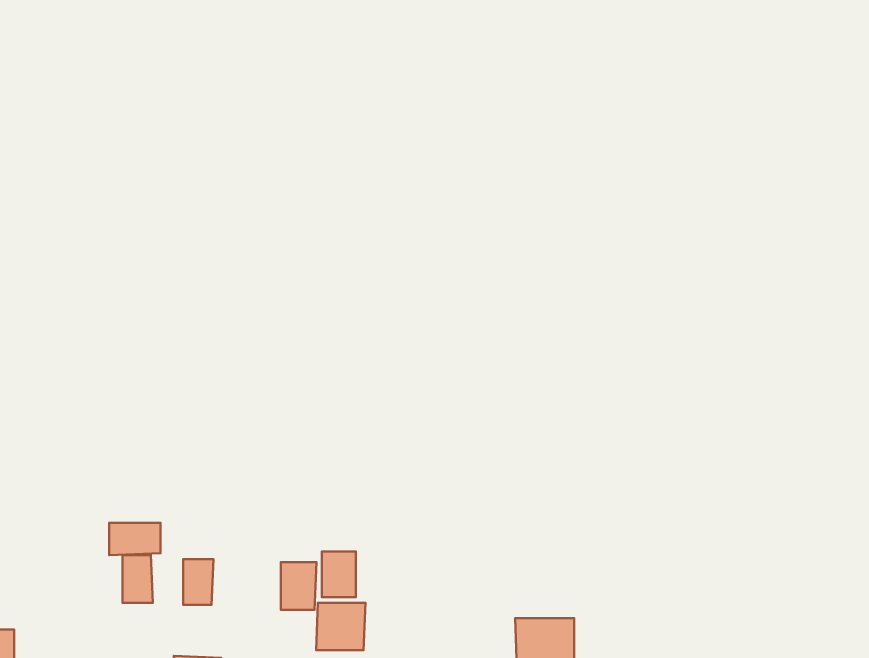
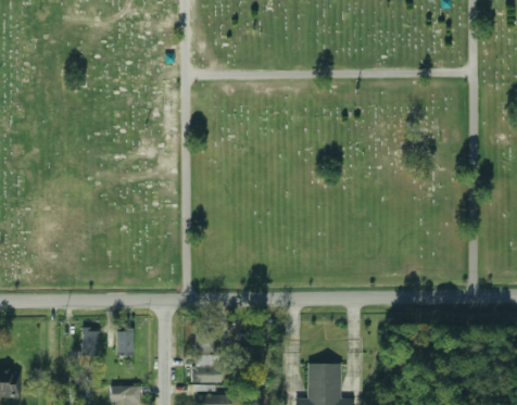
building: [109,523,160,555] -> none
building: [281,562,317,610] -> none

